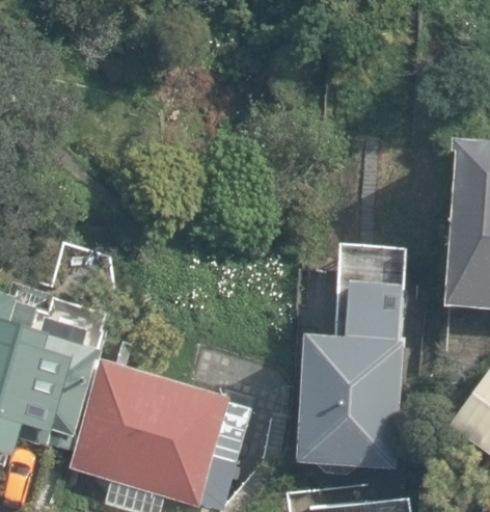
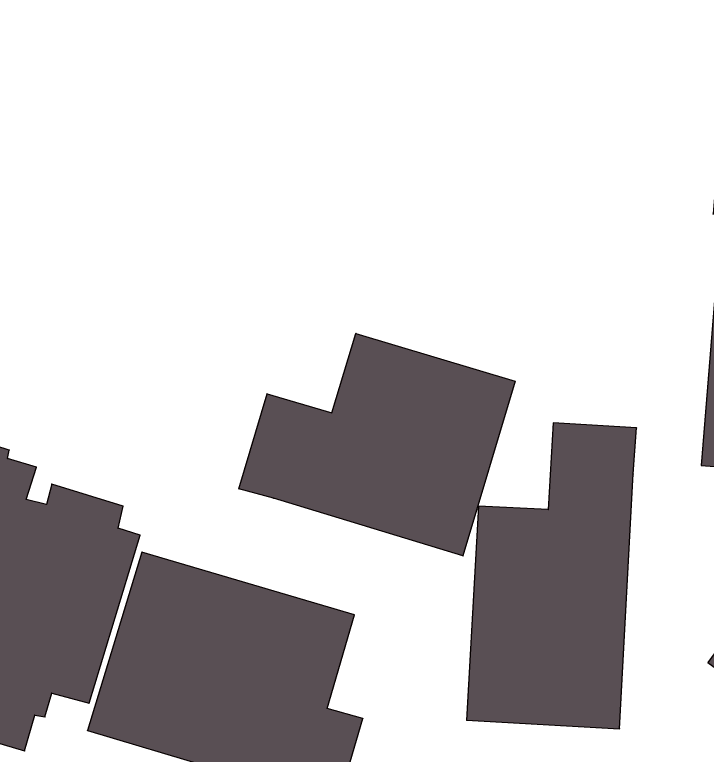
building: none -> [239,333,515,556]

